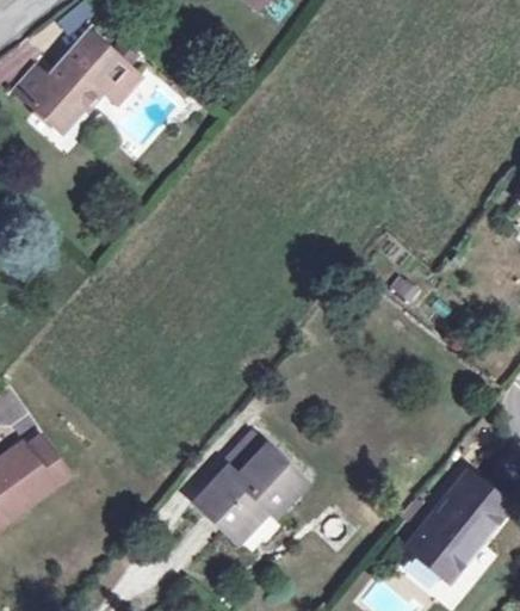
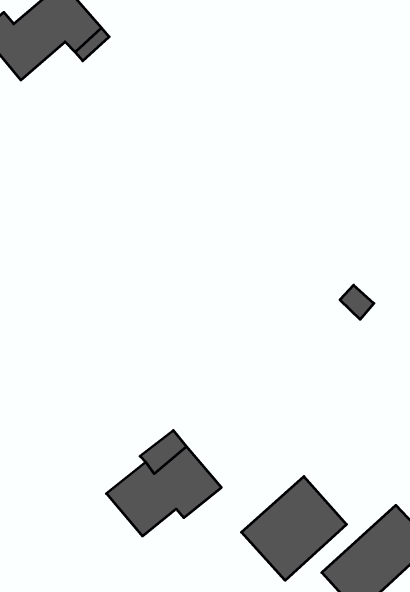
building: none -> [241,476,347,580]

